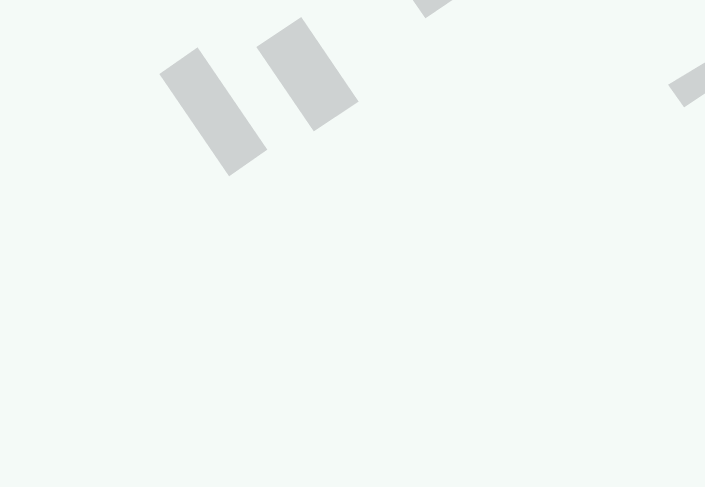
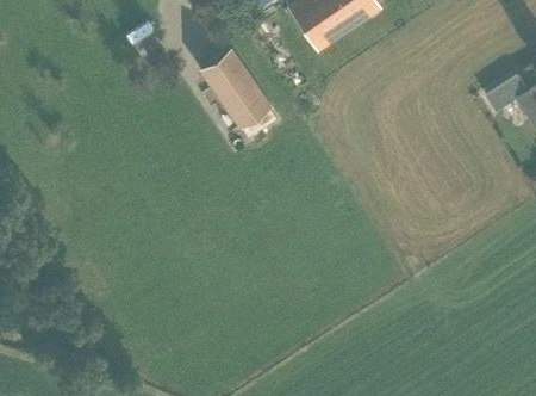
building: [158,46,268,178] -> none

